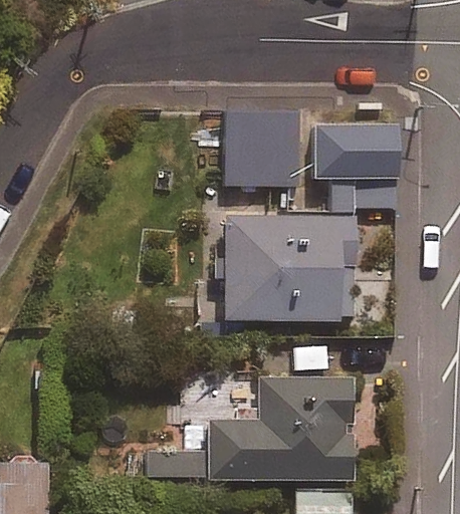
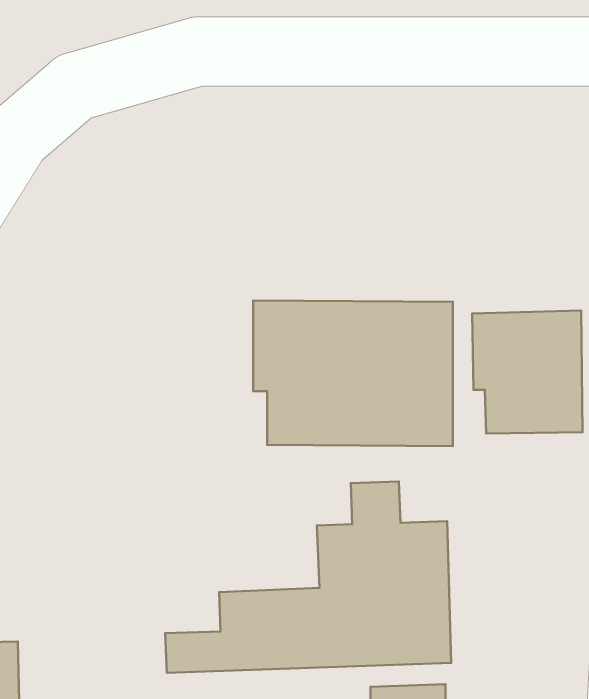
building: [225,113,300,186] -> none
building: [319,123,398,211] -> [472,311,583,434]

